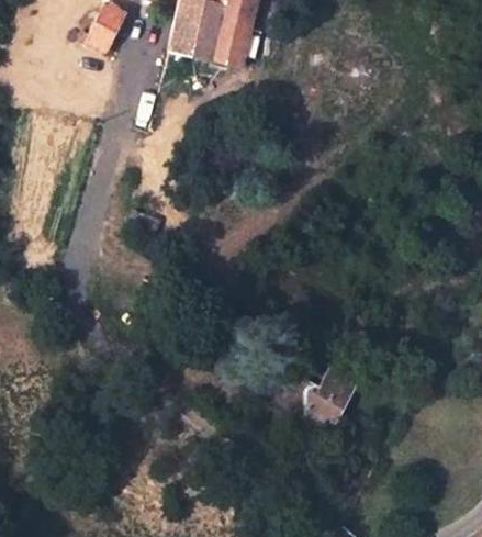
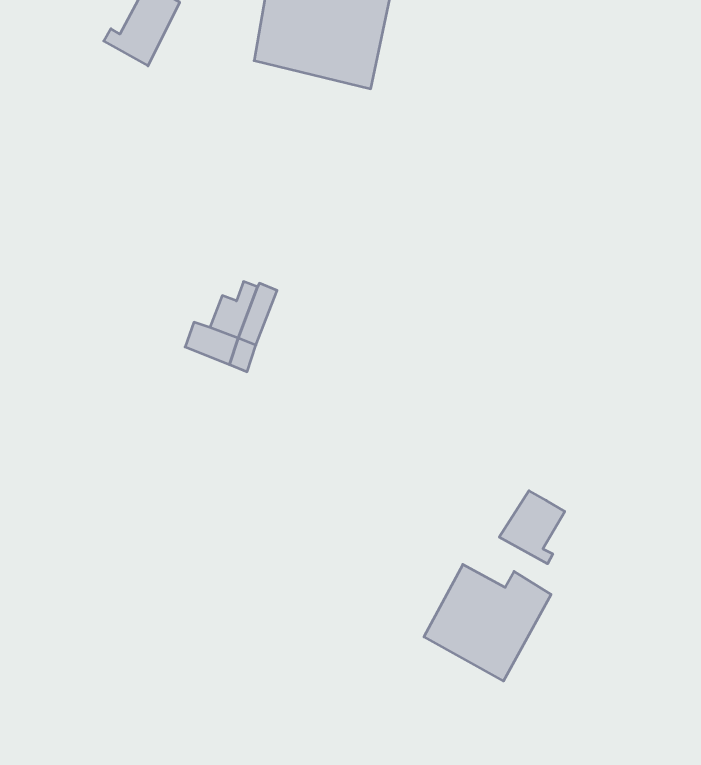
building: none -> [499,491,565,564]

